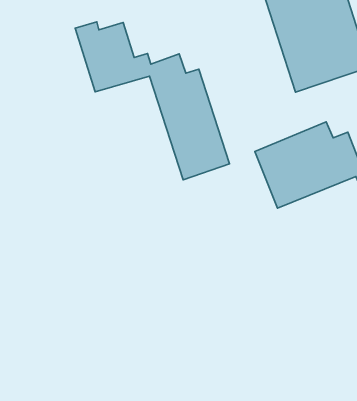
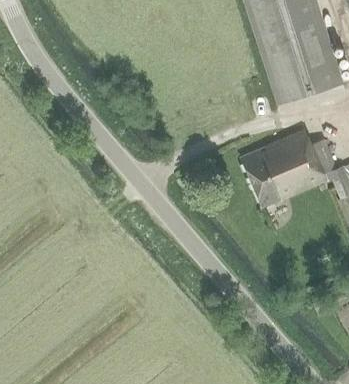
building: [75,22,230,180] -> none

